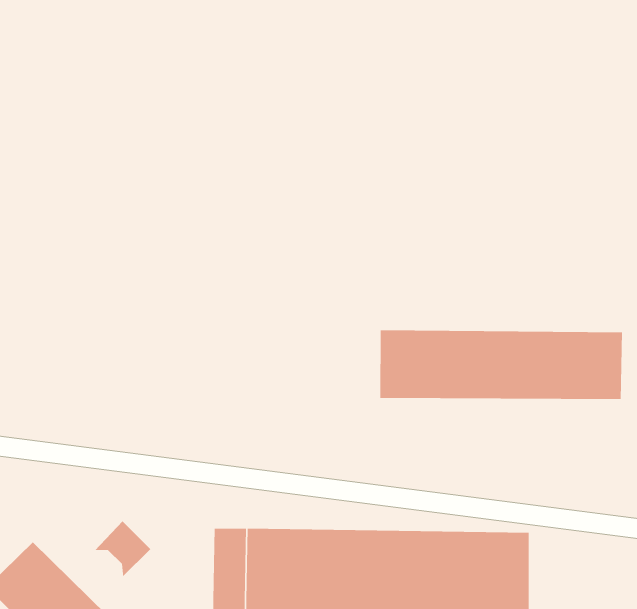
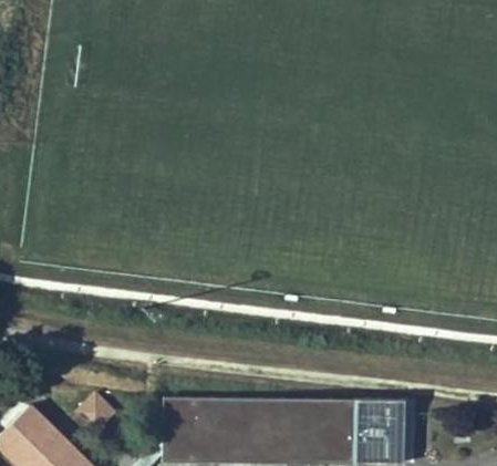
building: [380,329,623,400] -> none

